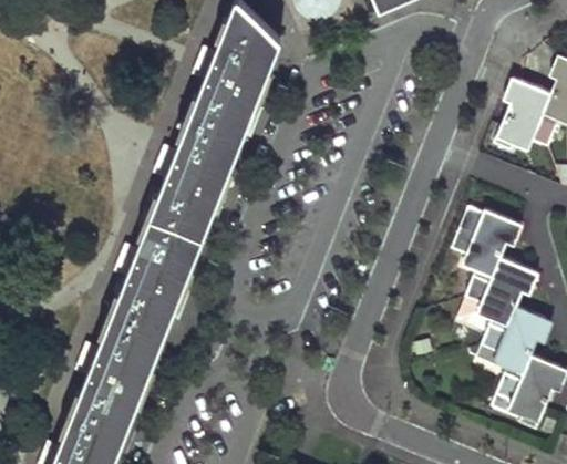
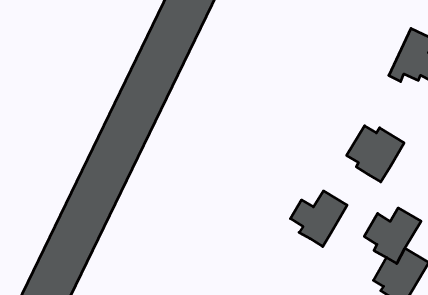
building: [468,258,538,328] -> [290,191,347,247]

